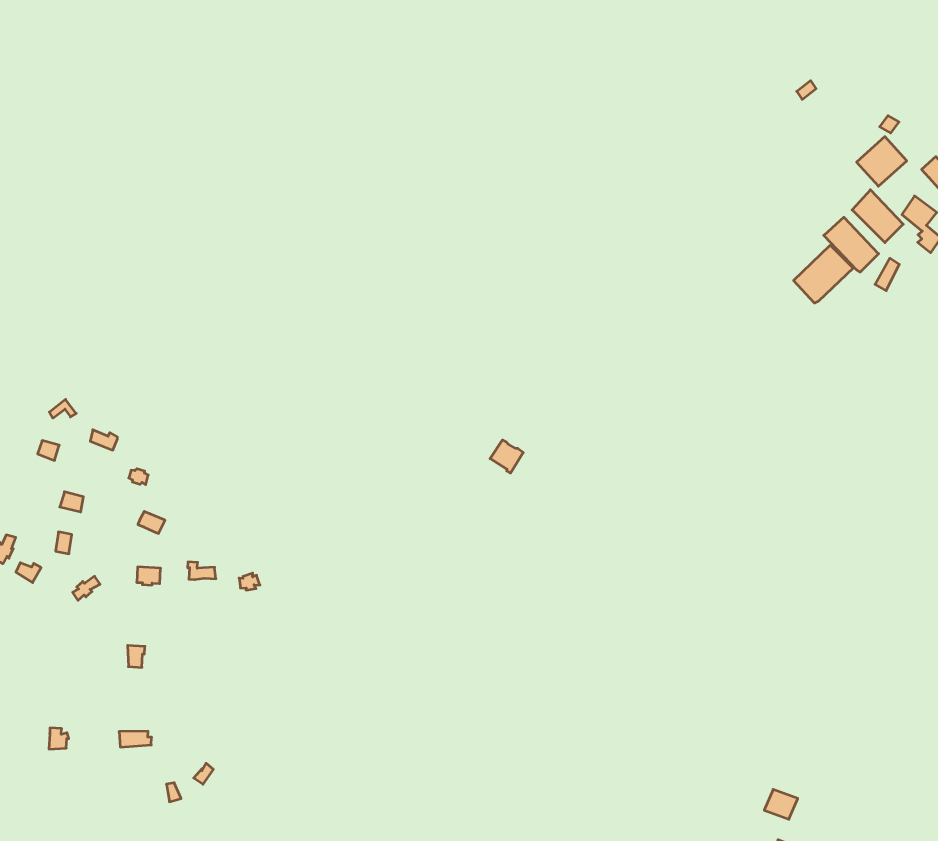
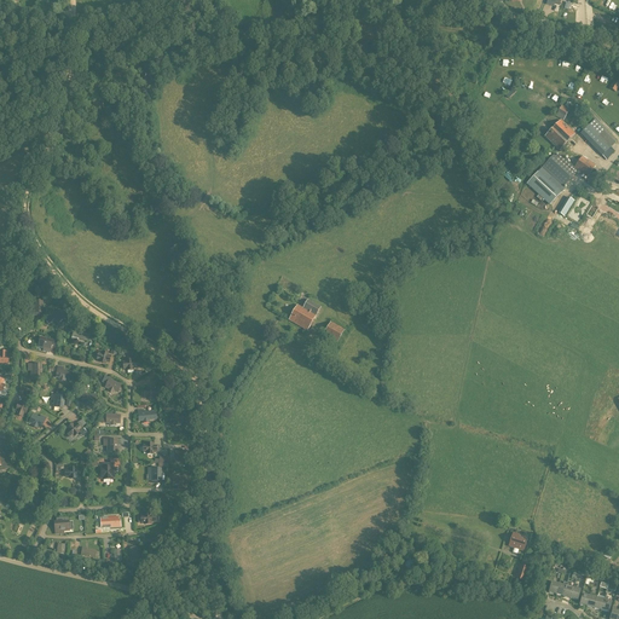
building: [794,245,853,303] -> none
building: none -> [288,297,319,329]

